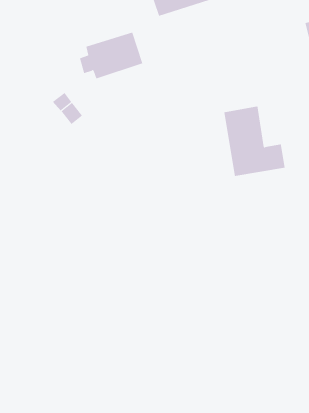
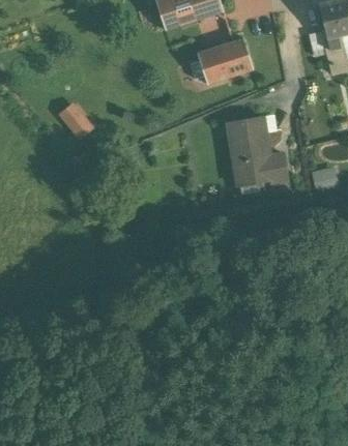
building: [79,32,143,79] -> [192,38,255,85]

